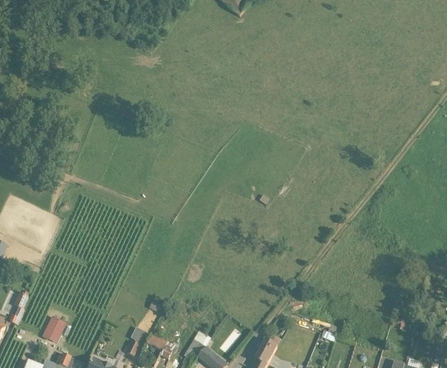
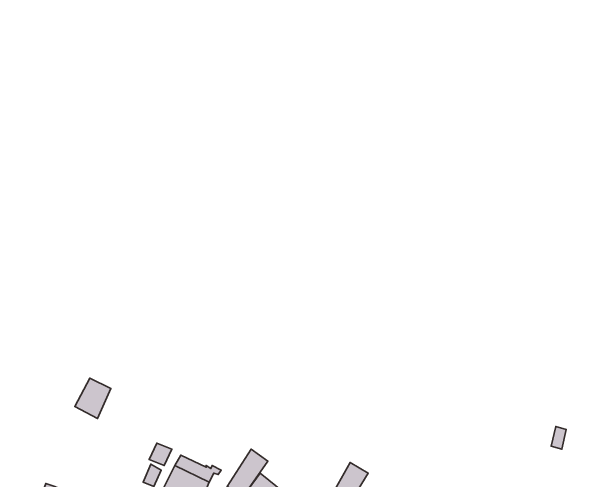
building: [42,315,66,342] -> [75,378,111,419]

